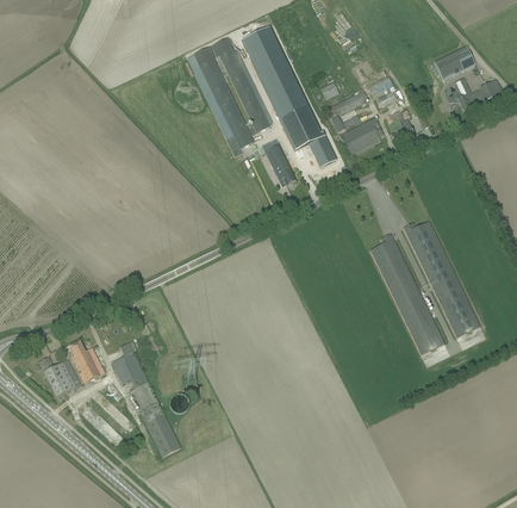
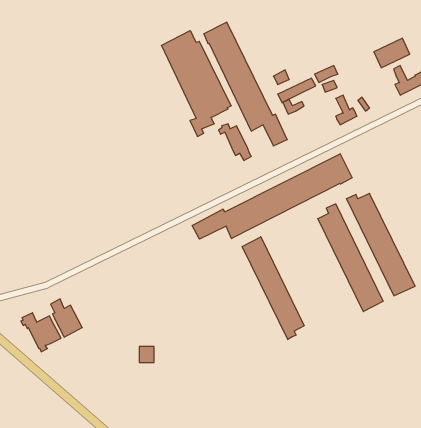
building: [338,117,382,155] -> none
building: none -> [192,154,352,239]
building: none -> [242,237,304,340]
building: [111,342,181,457] -> none

